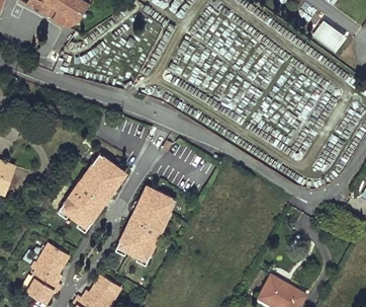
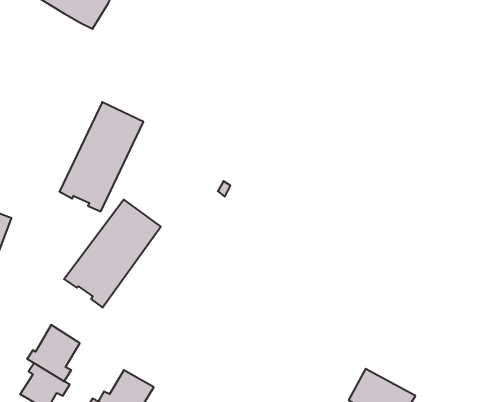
building: [313,20,345,51] -> none
building: [112,185,172,263] -> [59,102,143,211]

